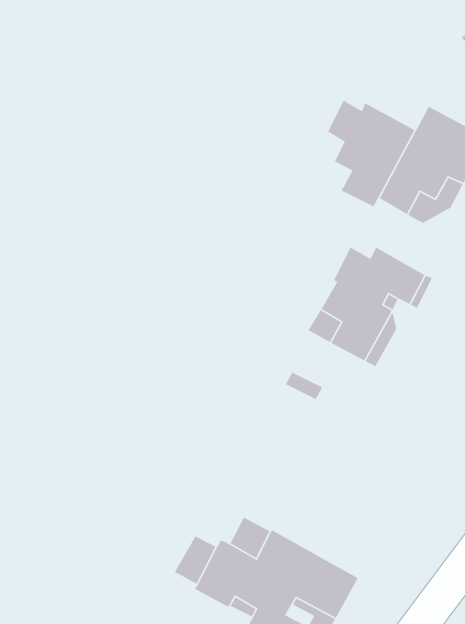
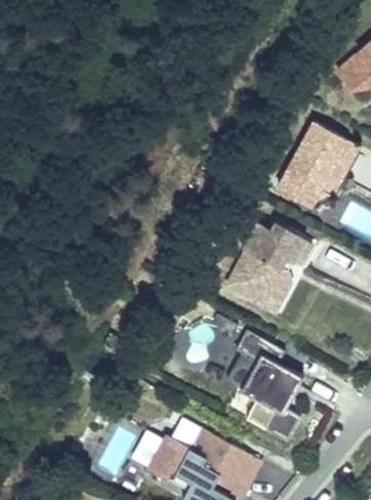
building: [327,100,415,207] -> none
building: none -> [236,330,302,440]

